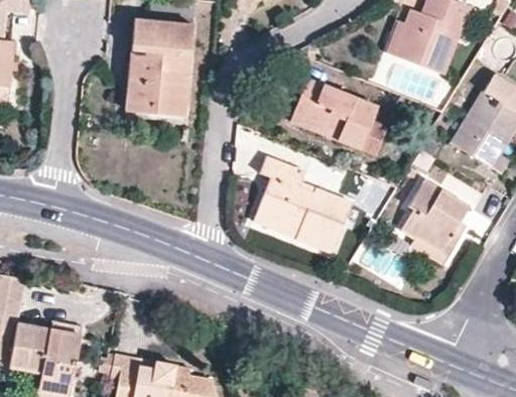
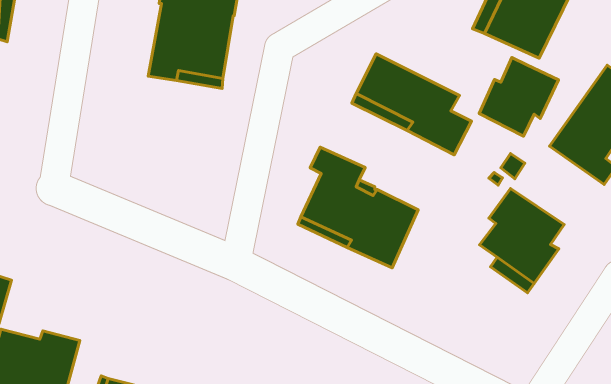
building: none -> [479,57,558,136]

